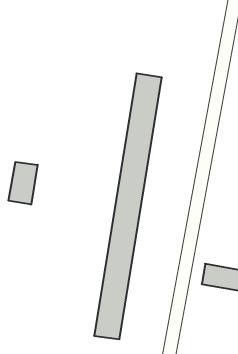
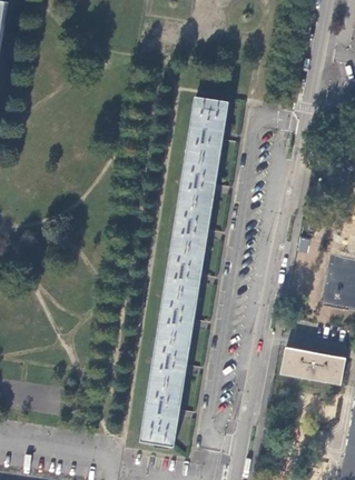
building: [9,162,38,205] -> none

